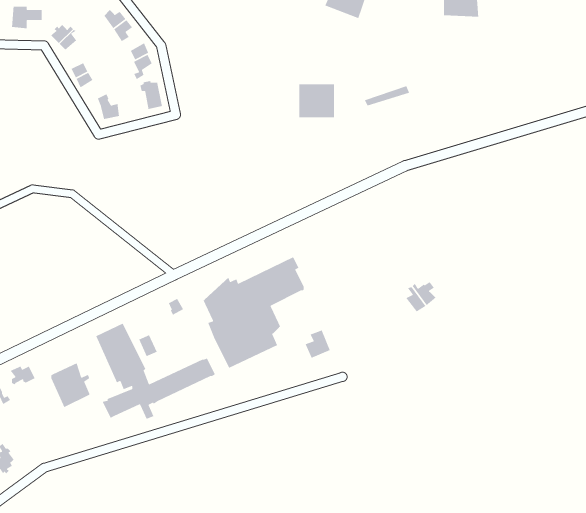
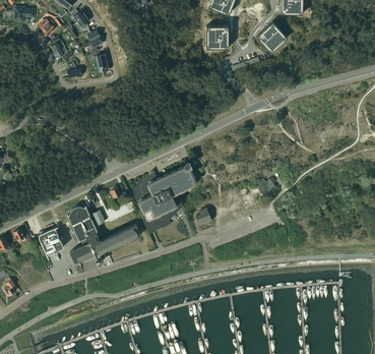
building: none -> [256,21,288,53]
building: [298,83,335,118] -> [206,26,229,48]

